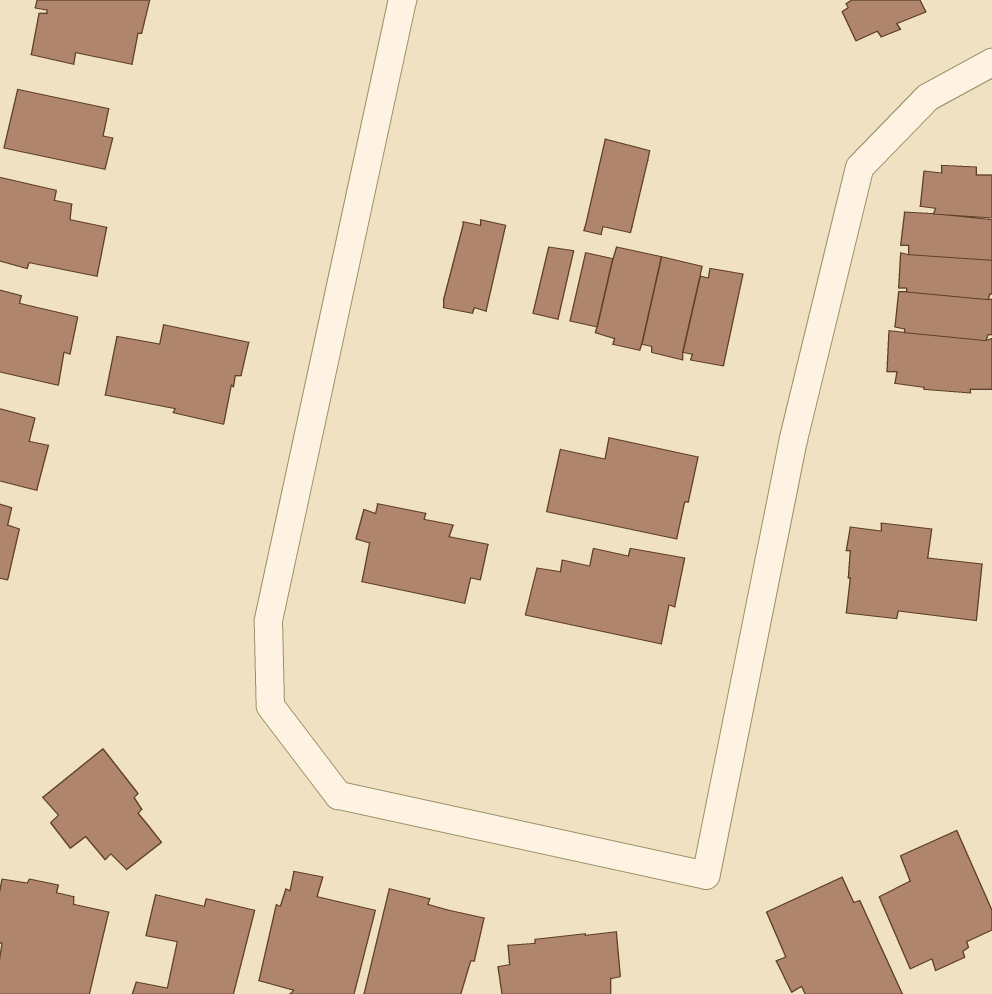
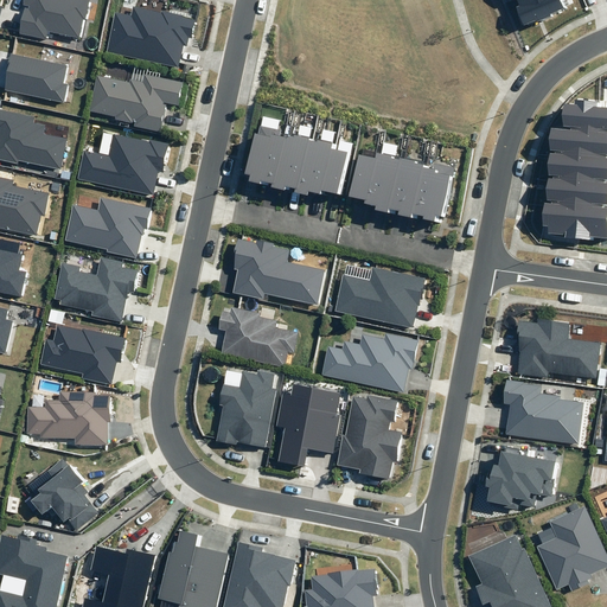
building: none -> [106,7,196,68]
building: none -> [88,75,183,133]
building: [584,139,650,234] -> [295,138,336,196]
building: none -> [243,124,282,185]
building: none -> [77,135,168,196]
building: none -> [231,239,325,305]
building: none -> [53,258,140,322]
building: none -> [39,325,127,384]
building: none -> [215,370,275,447]
building: none -> [501,379,583,443]
building: none -> [275,384,339,466]
building: none -> [27,391,109,445]
building: none -> [336,395,402,479]
building: none -> [485,451,556,510]

